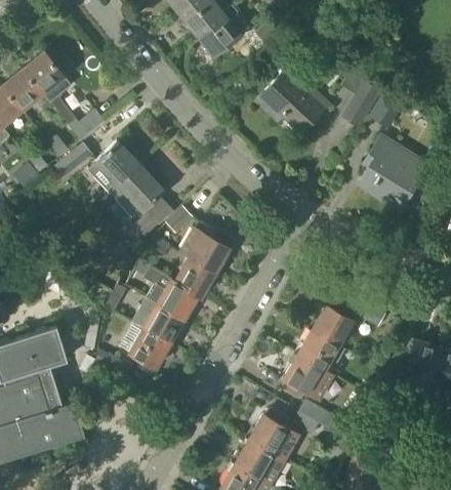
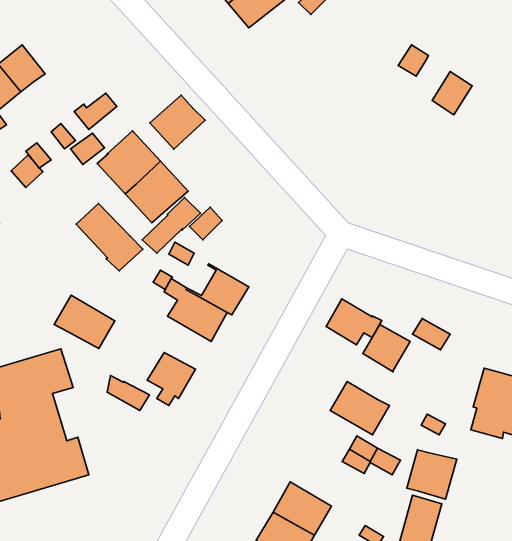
building: [24,52,71,103] -> none
building: [256,72,329,133] -> none
building: [343,82,379,126] -> none
building: none -> [150,95,205,149]
building: [359,136,432,209] -> none
building: none -> [76,204,143,271]
building: [181,224,229,274] -> none
building: [132,298,183,343] -> [54,295,115,349]
building: [298,330,345,369] -> [326,299,382,345]
building: [250,409,299,459] -> none
building: none -> [407,450,457,499]

